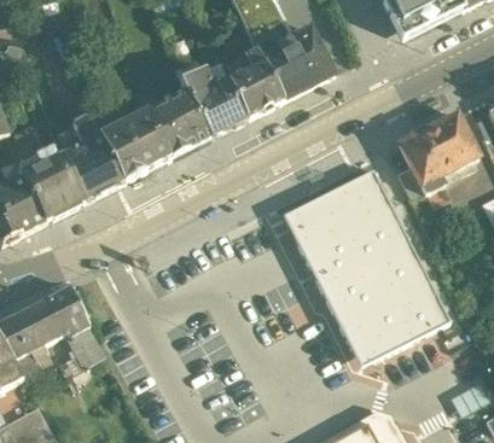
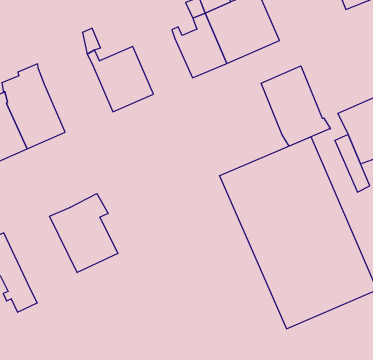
building: [179,68,248,136] -> none
building: none -> [261,66,330,146]
building: [98,110,169,181] -> none
building: none -> [49,194,118,273]

